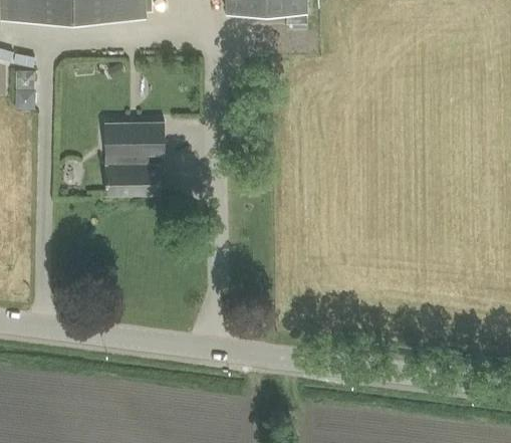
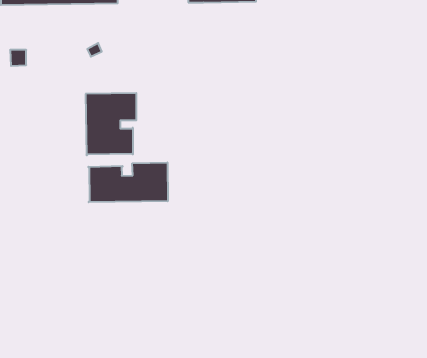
building: none -> [88,162,168,202]

